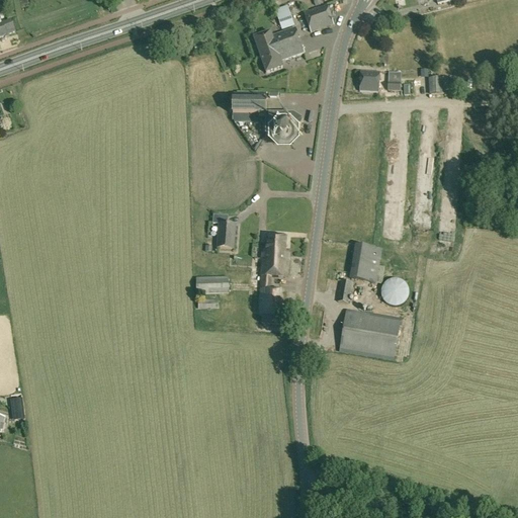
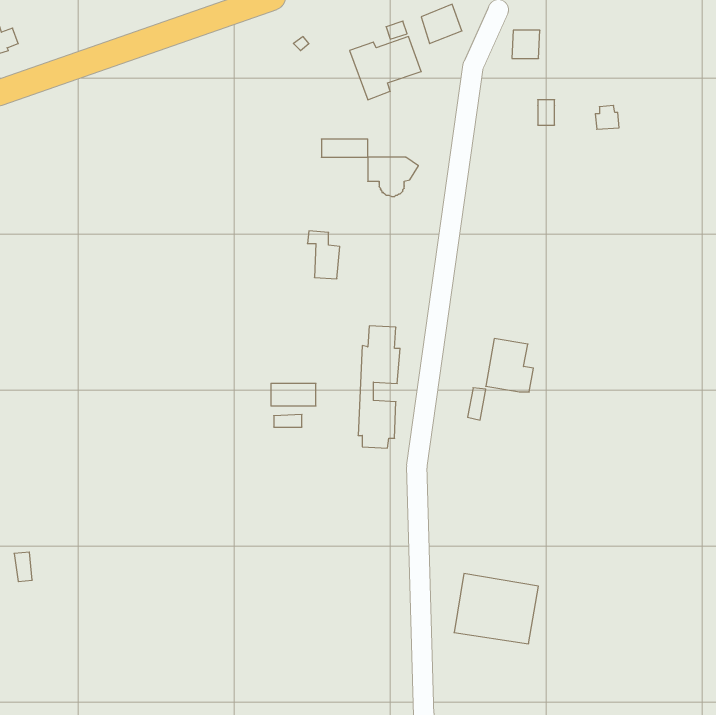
building: [359,70,379,90] -> [512,30,540,58]
building: [211,213,235,248] -> [307,231,340,279]
building: [380,277,409,306] -> none
building: [339,309,400,359] -> [454,574,538,644]

